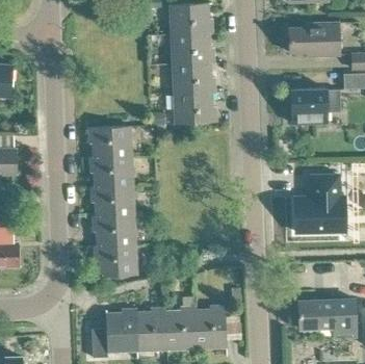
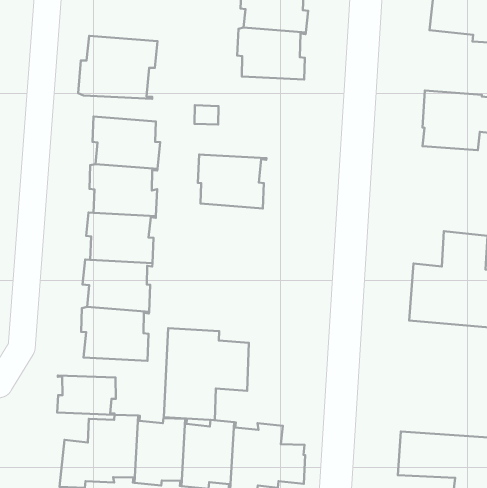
building: none -> [78,36,157,99]
building: [174,92,216,124] -> [198,154,266,208]
building: none -> [164,328,249,420]
building: none -> [57,375,116,415]

